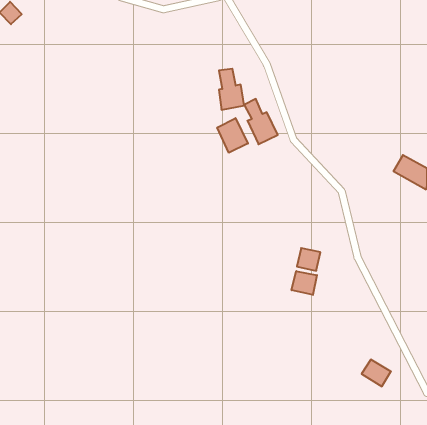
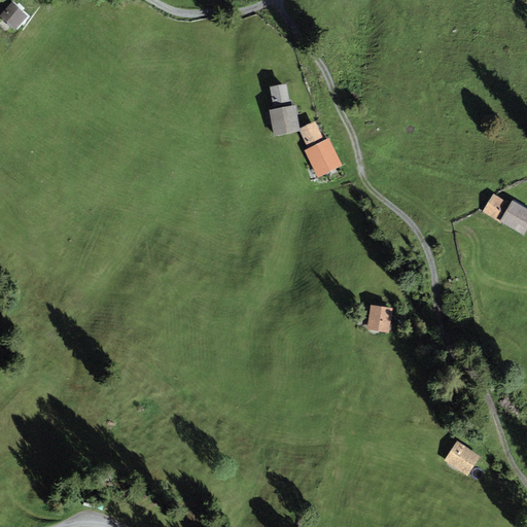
building: [217,118,248,153] -> none
building: [292,271,317,295] -> none

